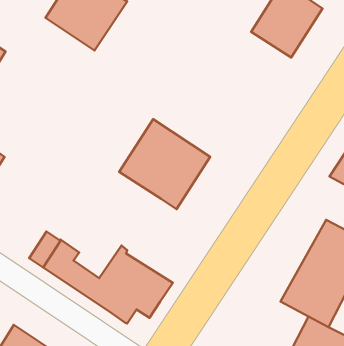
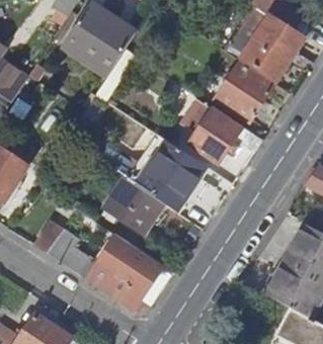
building: none -> [215,64,271,121]
building: none -> [179,100,262,163]
building: none -> [103,178,163,235]

